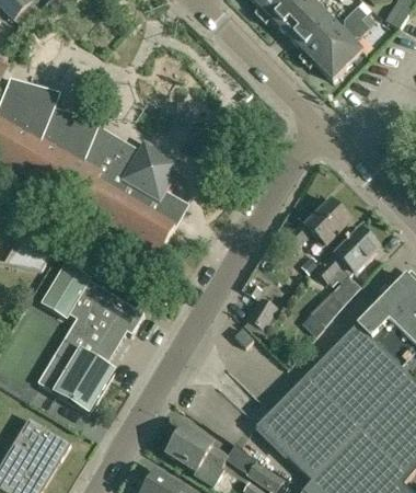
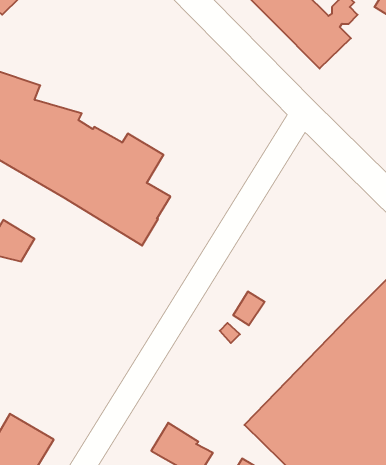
building: [286,198,351,245] -> none
building: [315,228,379,284] -> none
building: [38,261,146,412] -> none
building: [310,290,345,326] -> none

